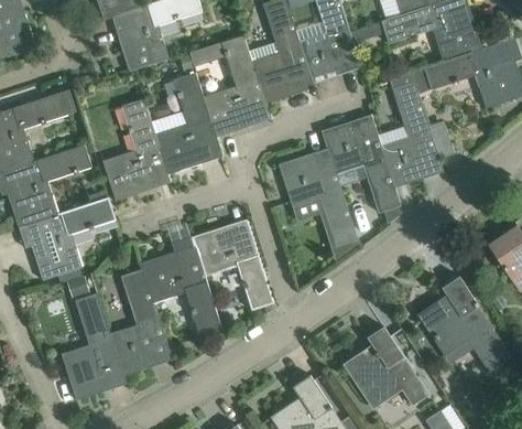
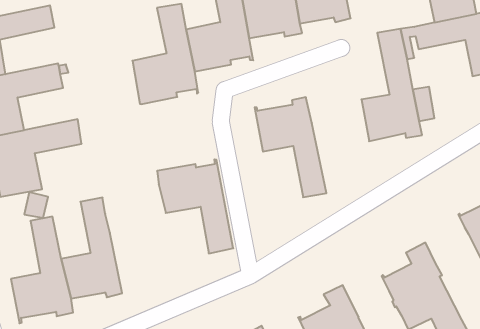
building: [101,99,170,201] -> none
building: [320,116,400,213] -> none
building: [139,250,221,336] -> none

